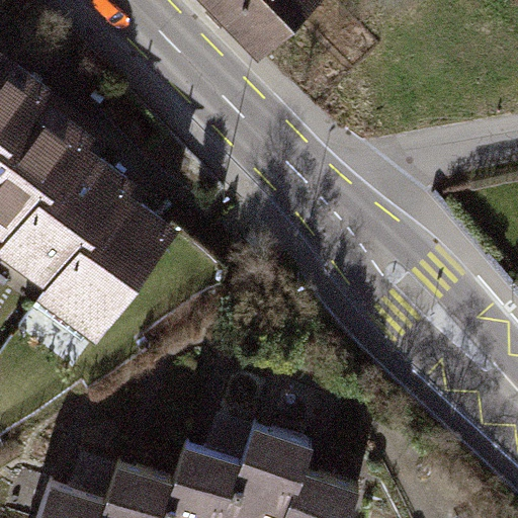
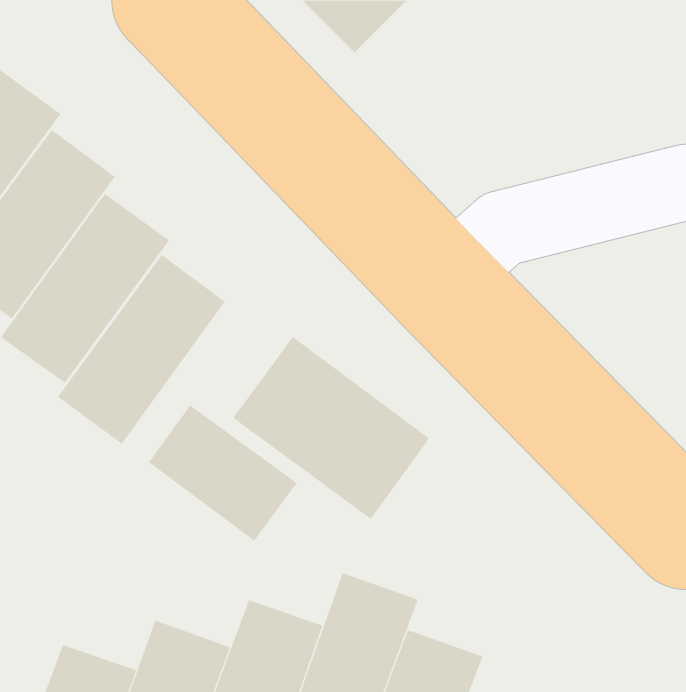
building: none -> [233,336,430,520]
building: none -> [148,404,297,542]

